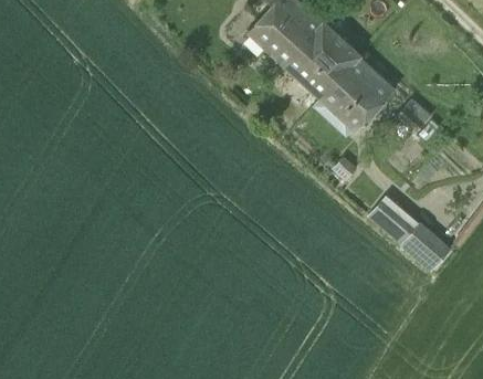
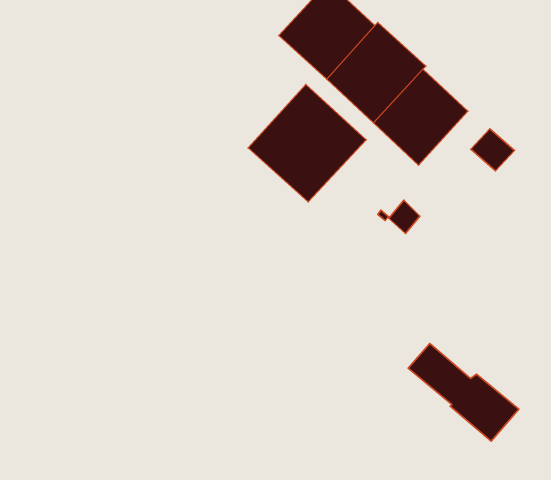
building: none -> [248,84,366,202]
building: [367,199,451,273] -> [408,343,519,441]

